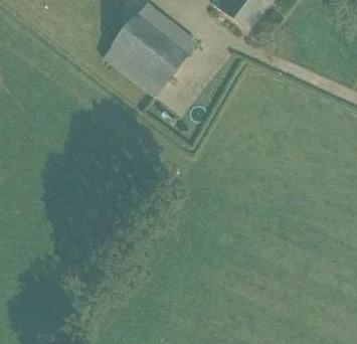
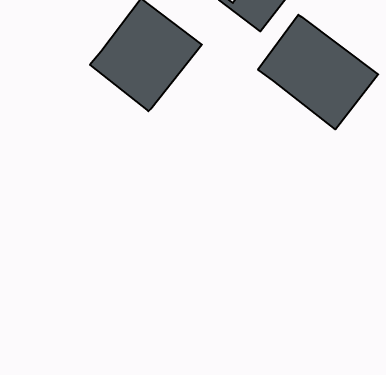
building: none -> [258,15,378,129]

